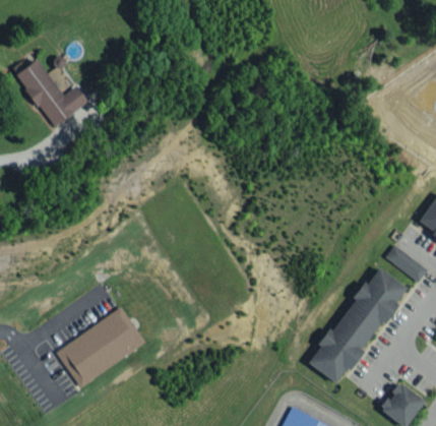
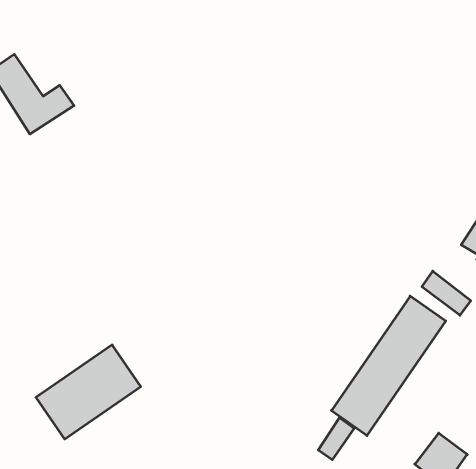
building: none -> [318,417,354,460]

